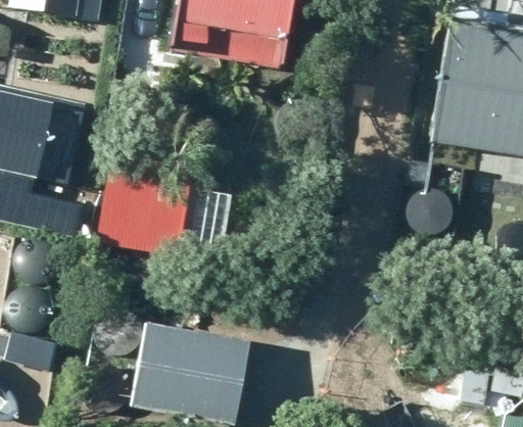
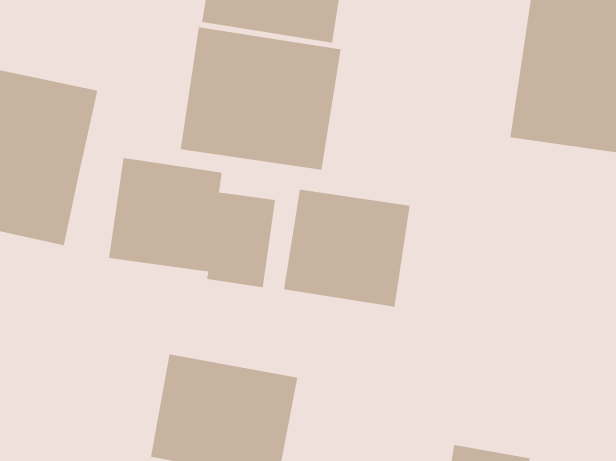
building: none -> [180,26,341,171]
building: none -> [283,189,410,307]

